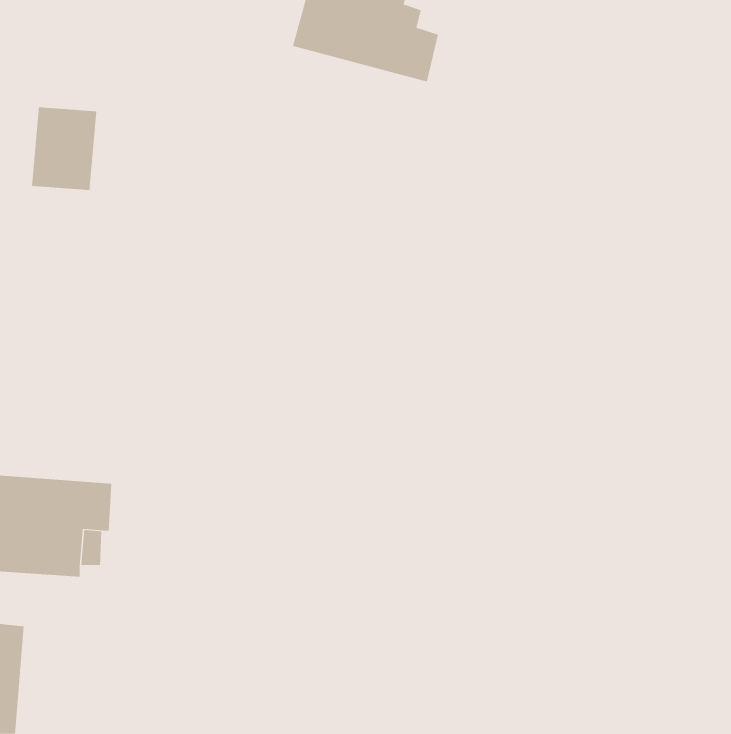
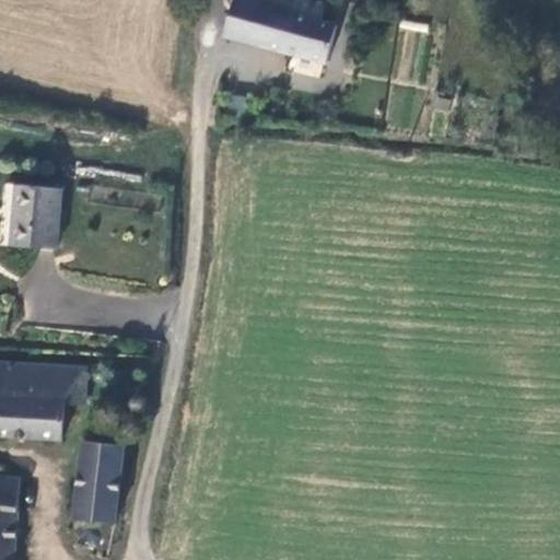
building: [31,107,97,190] -> [9,185,59,248]
building: none -> [71,439,124,525]

